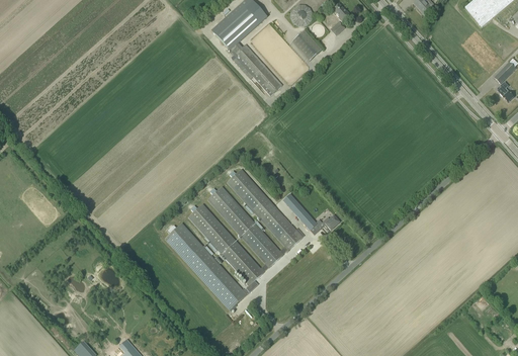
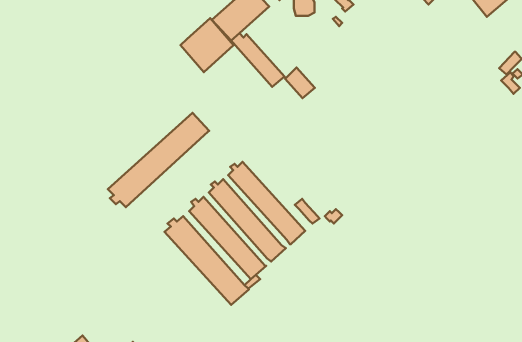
building: none -> [180,18,234,72]
building: [292,29,322,60] -> [285,67,315,98]
building: none -> [108,113,209,207]

